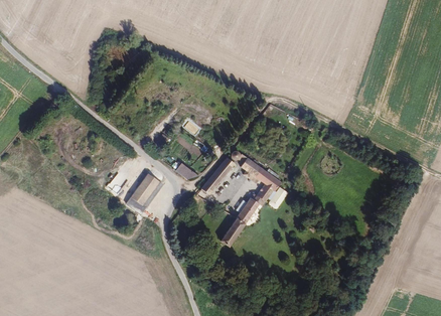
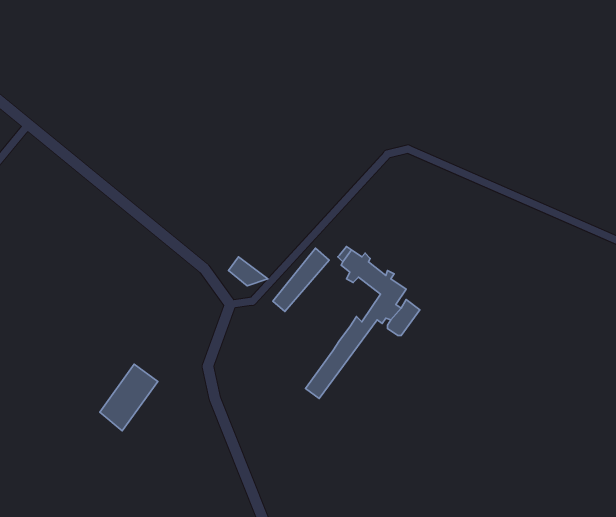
building: [128,174,162,213] -> [100,364,158,431]

